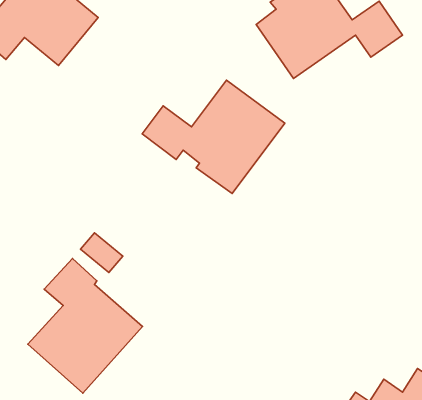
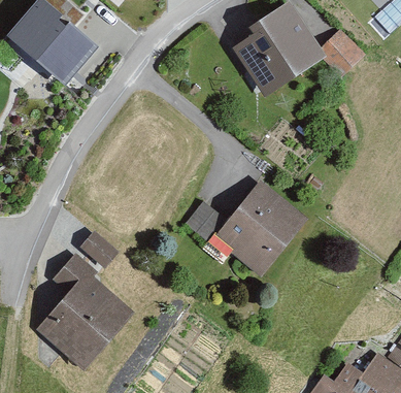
building: [142,80,285,194] -> [183,177,309,277]

